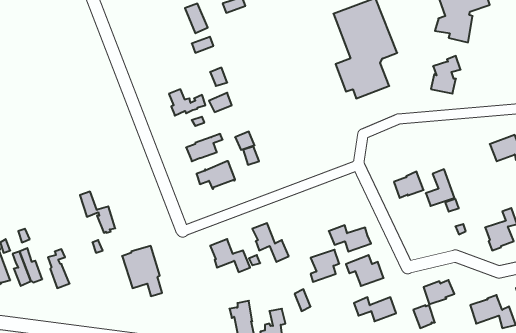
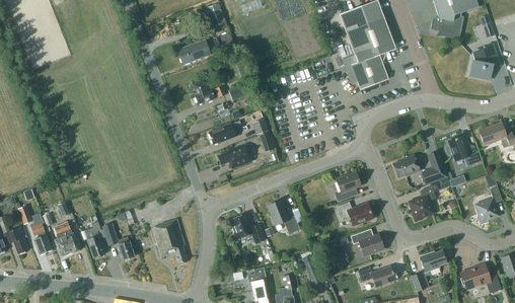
building: none -> [177,40,209,63]
building: [431,56,461,94] -> [469,43,496,76]
building: none -> [445,135,479,165]
building: [80,192,115,233] -> [102,223,134,259]
building: none -> [410,186,435,220]
building: [311,250,339,282] -> [335,171,360,200]

